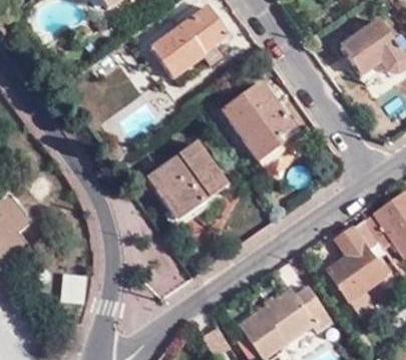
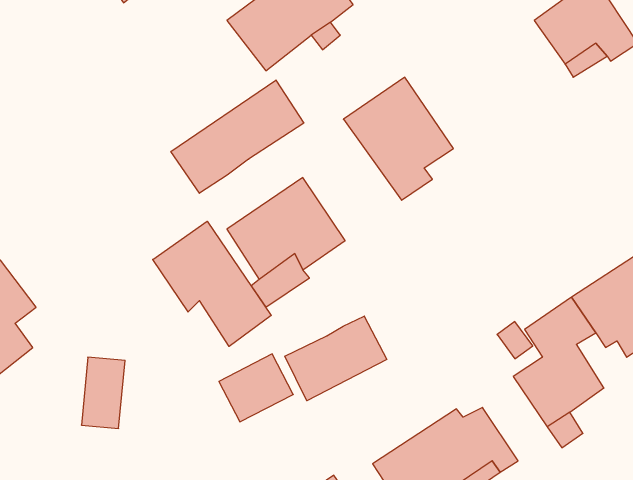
building: none -> [171,80,304,193]
building: none -> [153,221,271,346]
building: none -> [285,316,387,401]

